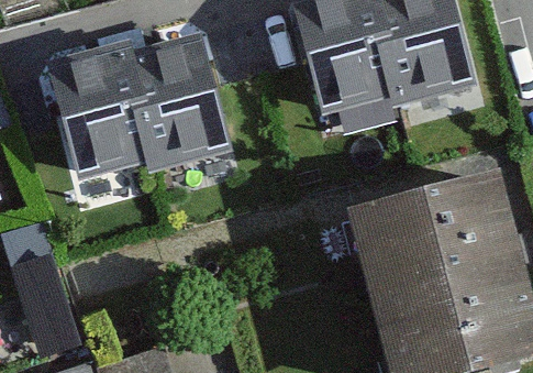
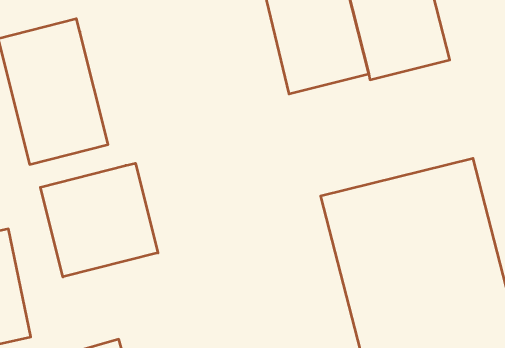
building: [125,39,227,167] -> none
building: none -> [40,163,158,277]

